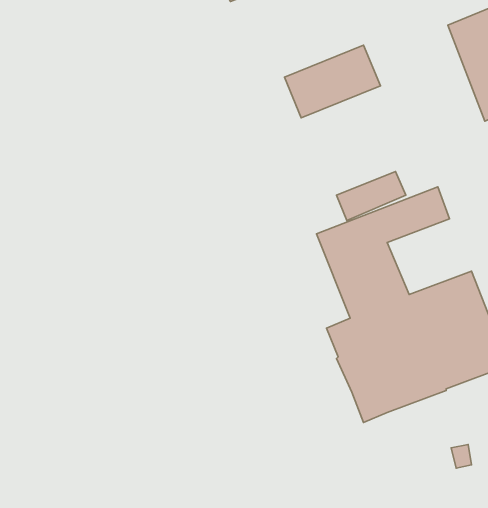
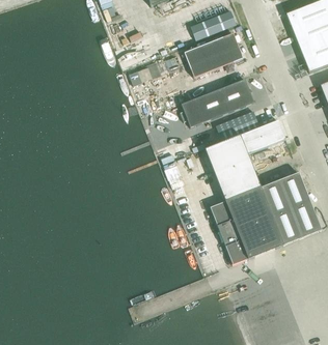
building: none -> [191,9,237,39]
building: none -> [181,78,254,126]

